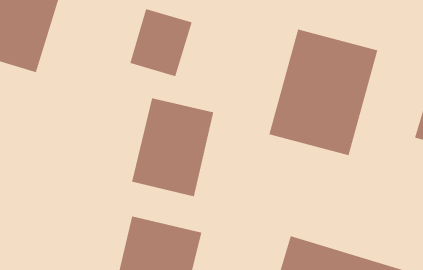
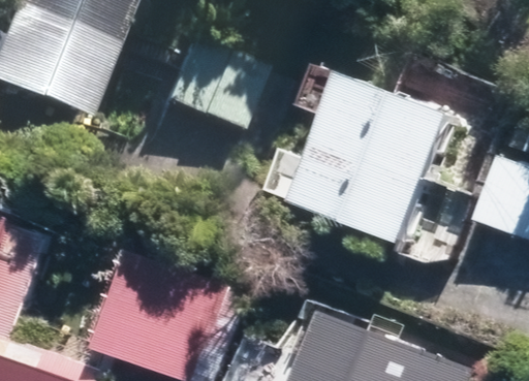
building: [131,97,214,197] -> none

